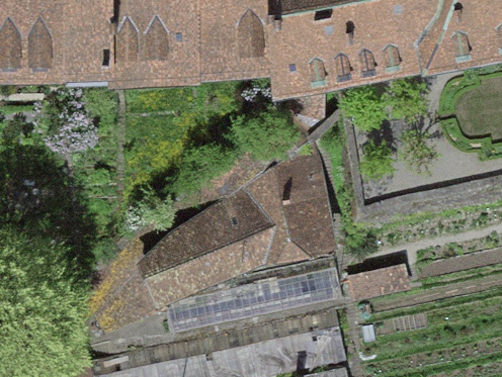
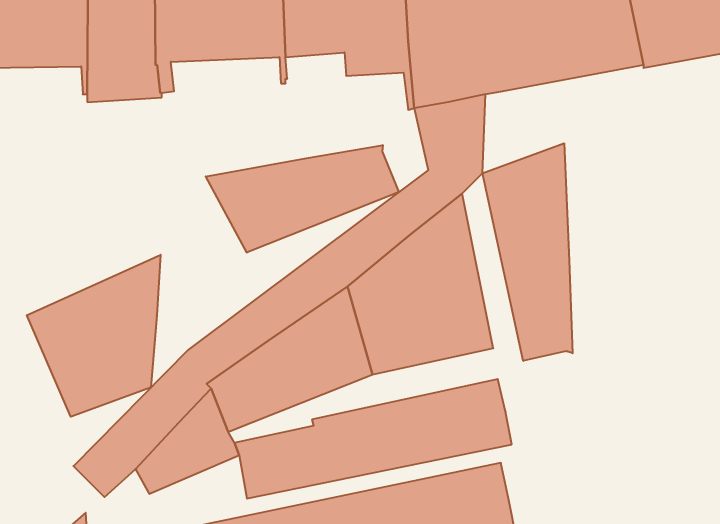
building: none -> [482,143,573,361]
building: none -> [206,145,399,253]
building: none -> [27,255,161,417]

